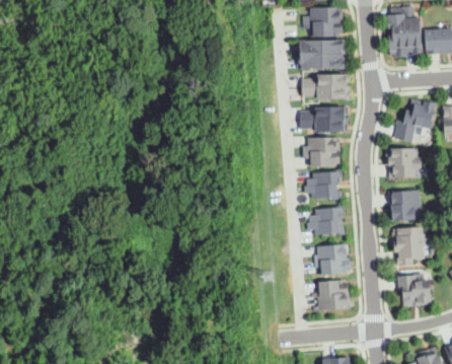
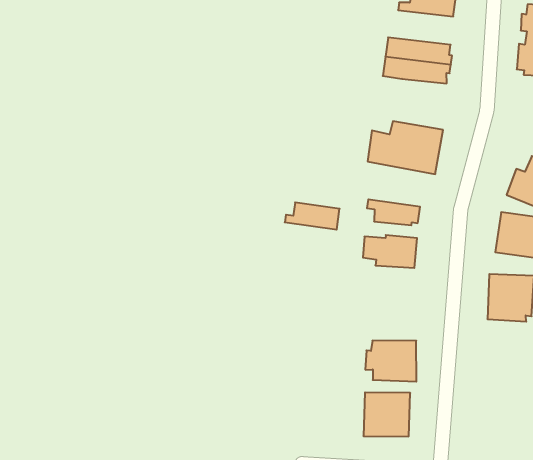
building: [304,22,342,38] -> none
building: [299,69,346,96] -> none
building: [302,139,337,153] -> [285,202,340,230]
building: [307,208,345,235] -> none
building: [390,228,421,266] -> none
building: [395,277,426,306] -> none

